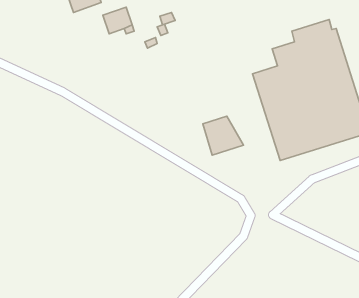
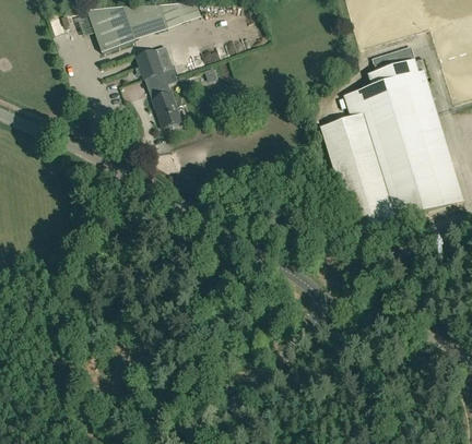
building: none -> [150,83,180,128]
building: [203,116,244,155] -> none

